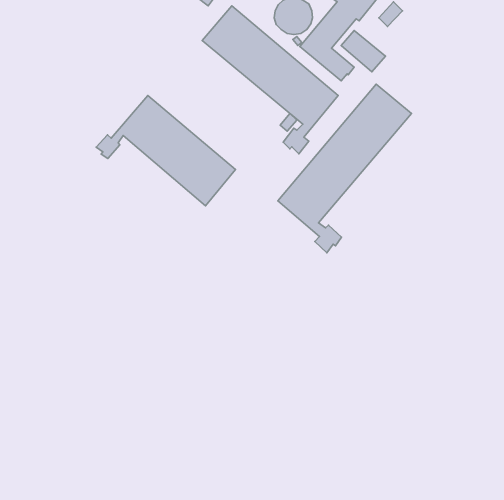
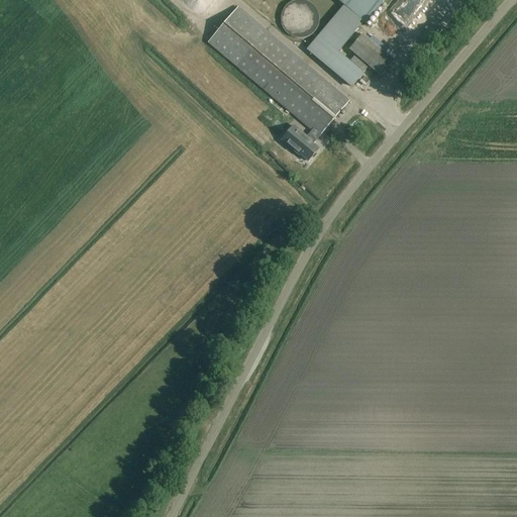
building: [278,84,412,253] -> none
building: [96,95,236,206] -> none

